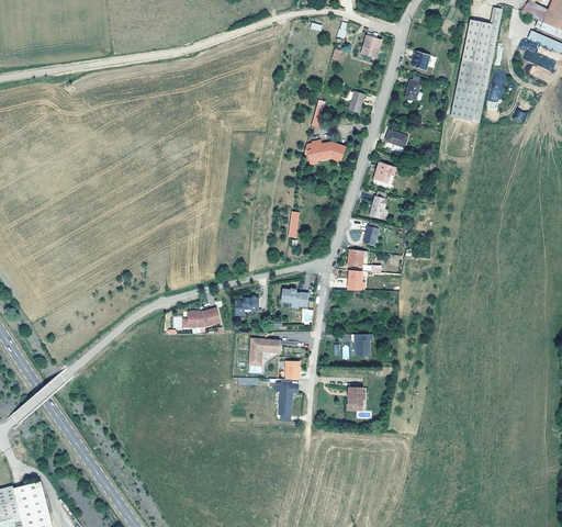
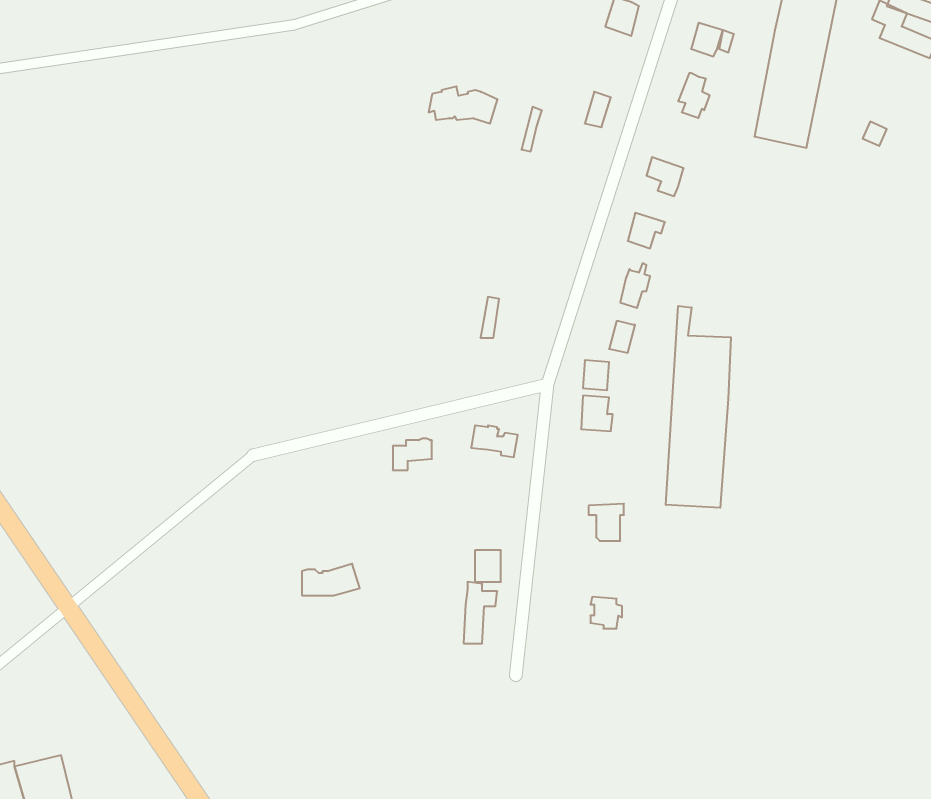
building: [304,139,345,161] -> [429,86,498,124]
building: none -> [666,306,731,508]
building: [188,307,222,326] -> [302,564,360,595]
building: [250,339,280,360] -> none

